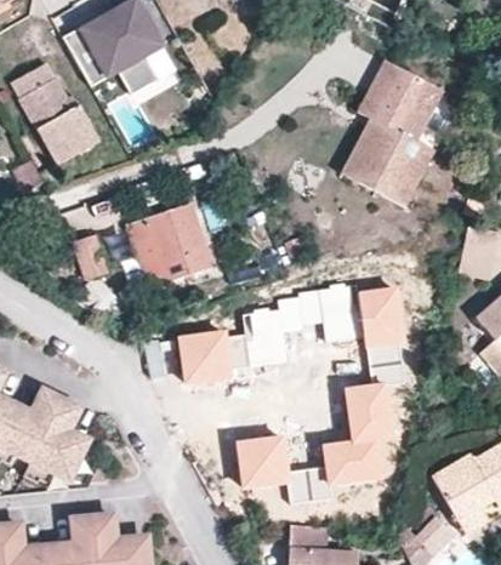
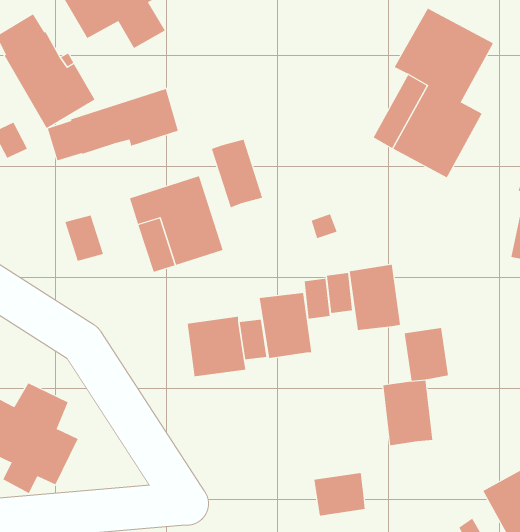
building: none -> [47,88,179,161]
building: none -> [211,139,263,208]
building: [358,284,403,342] -> none
building: [238,432,289,481] -> none
building: [326,435,381,481] -> none

